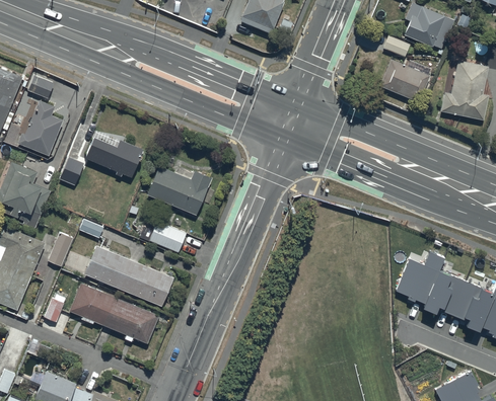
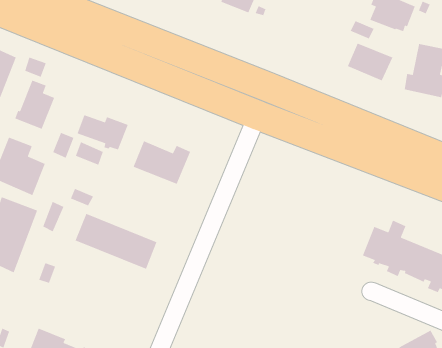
building: none -> [75,141,104,166]
building: [148,221,186,252] -> none
building: [68,283,158,343] -> none

